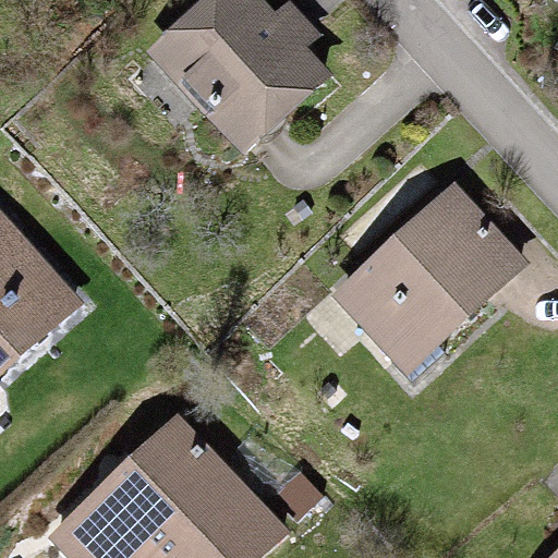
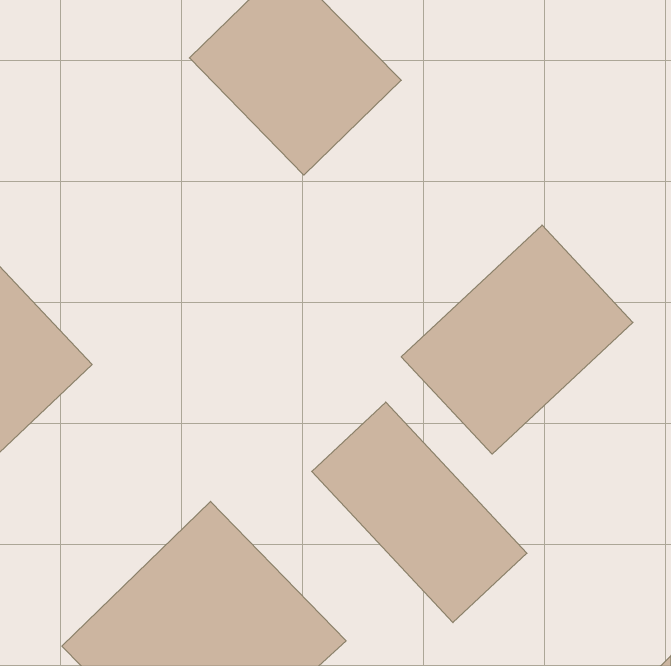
building: none -> [312,402,527,623]

